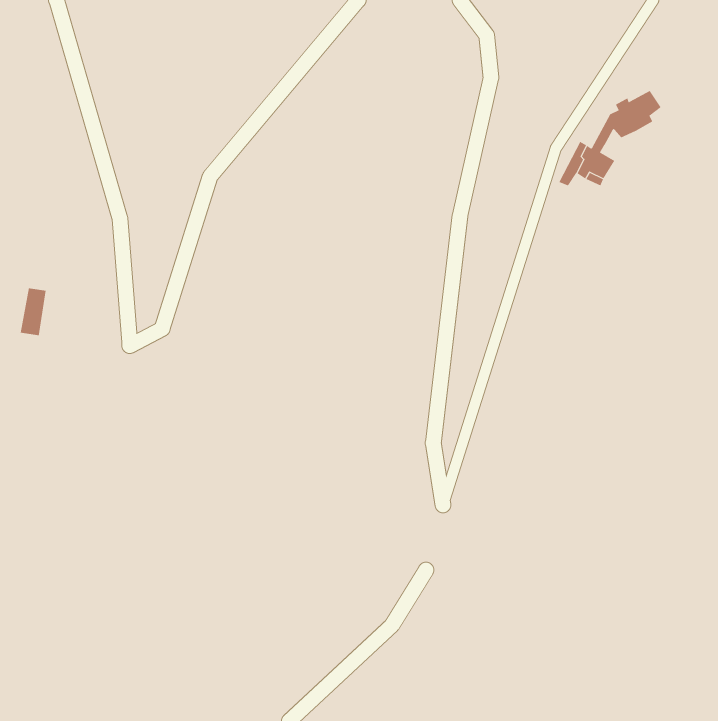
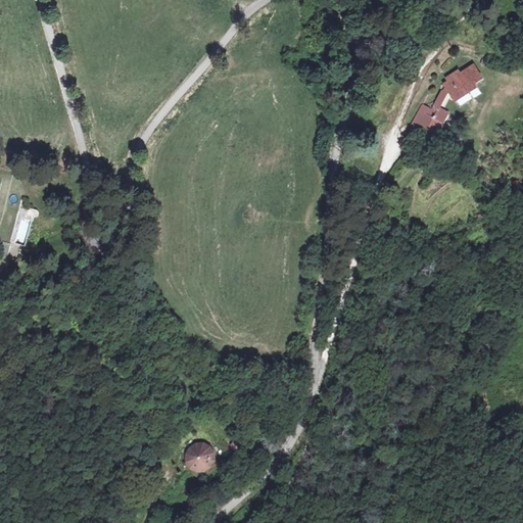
building: none -> [190,441,217,468]

